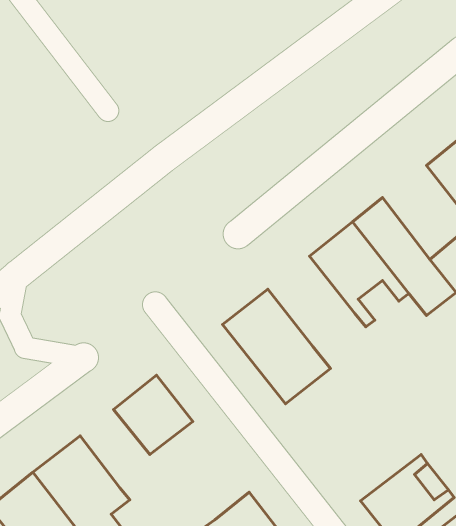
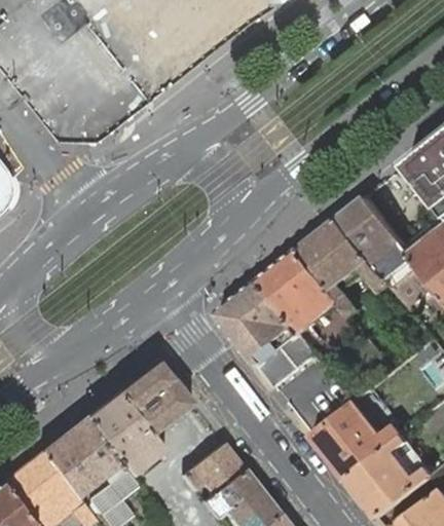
building: none -> [261,250,342,334]
building: none -> [86,392,164,477]
building: none -> [313,392,404,478]
building: none -> [182,444,244,495]

